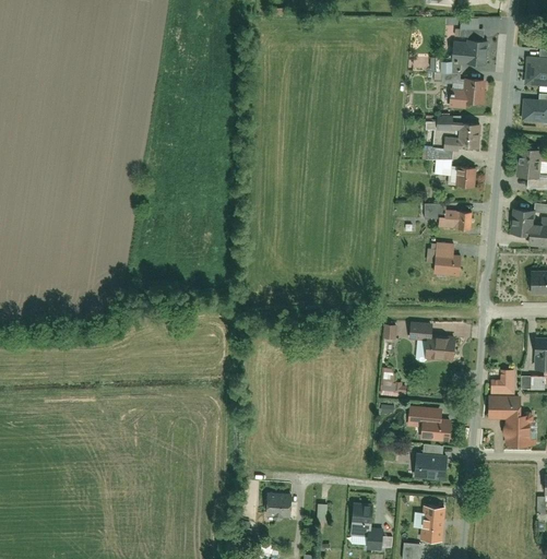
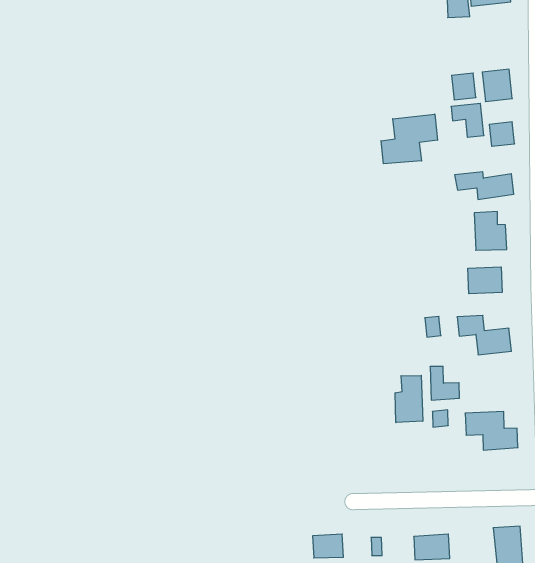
building: [449,82,486,108] -> none
building: none -> [381,114,437,164]
building: none -> [468,267,502,294]
building: none -> [395,375,423,423]
building: [409,445,447,479] -> none

